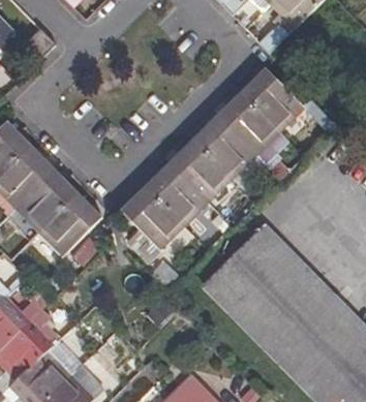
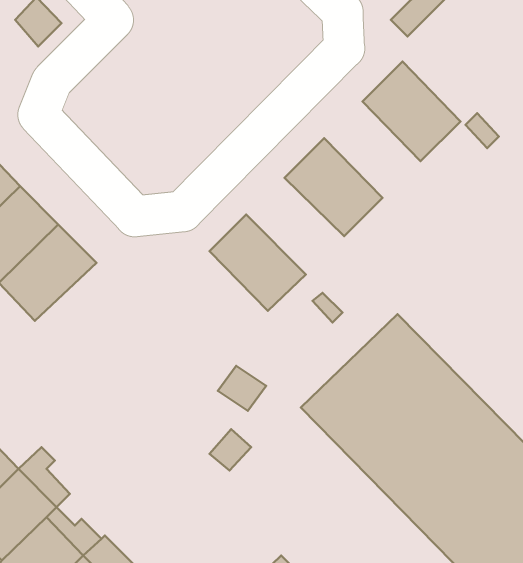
building: [218,92,278,152] -> none
building: [170,140,231,199] -> none
building: [122,185,183,246] -> none
building: [38,192,100,253] -> none

